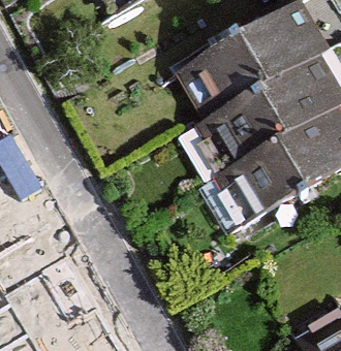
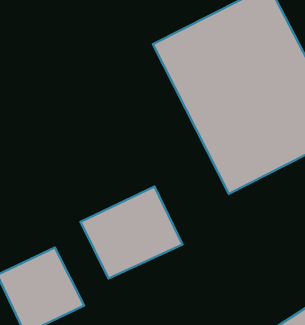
building: none -> [81,186,182,278]

